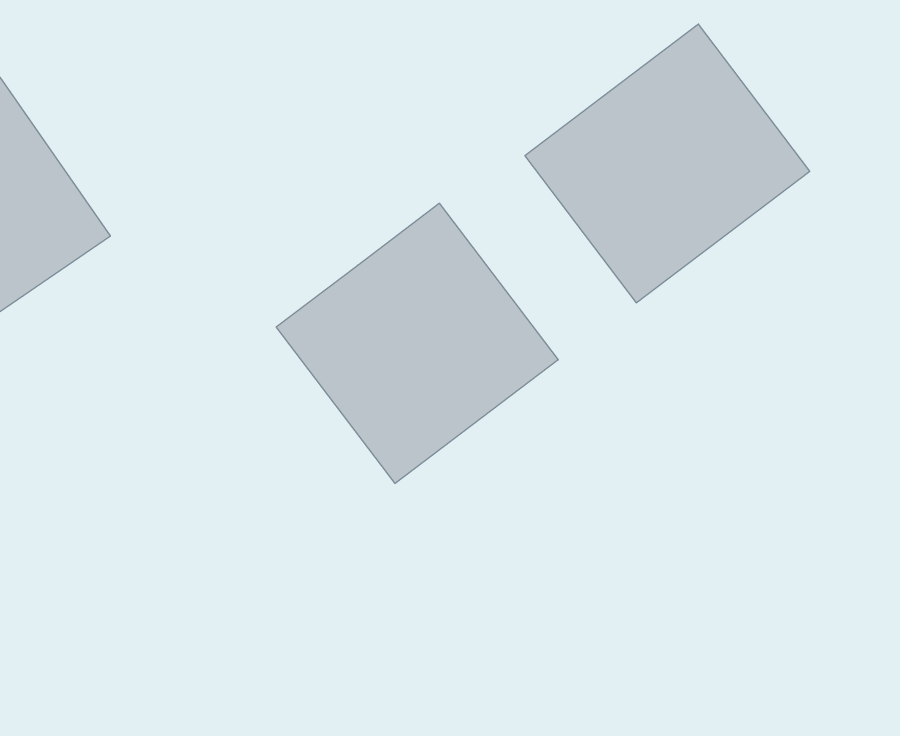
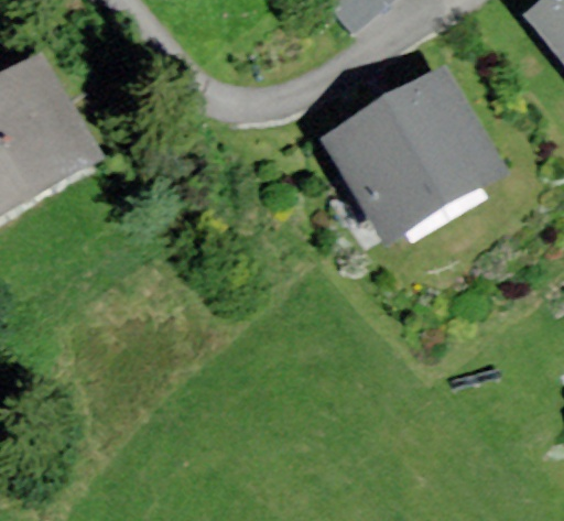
building: [276,203,558,483] -> none

